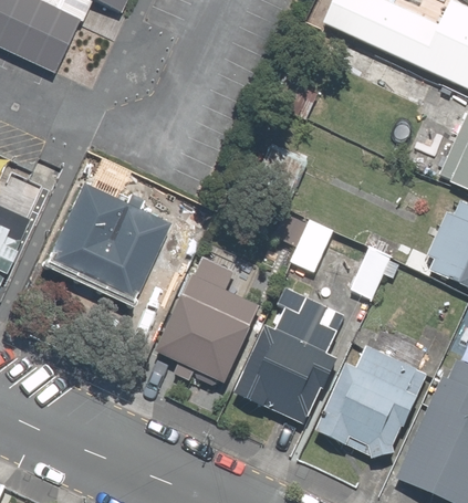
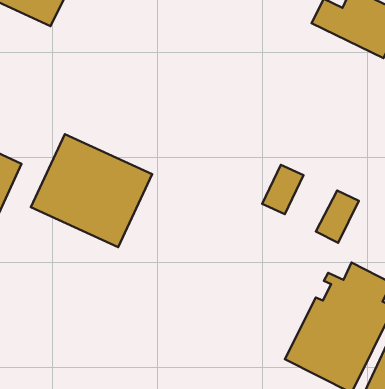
building: [152,250,252,381] -> none
building: [236,292,340,429] -> none

